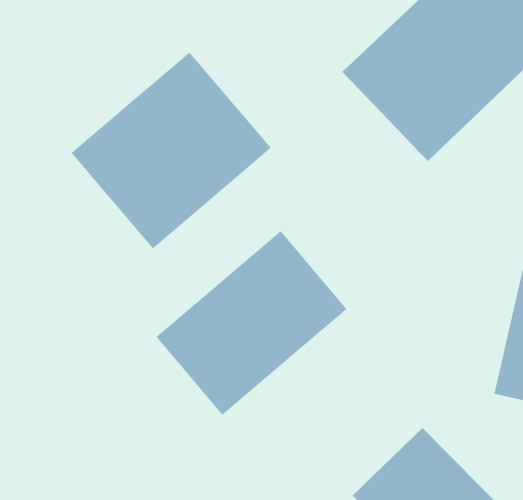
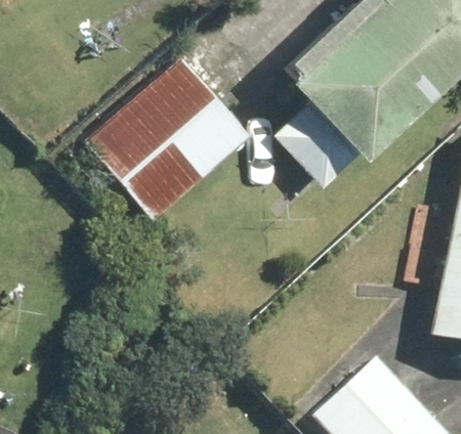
building: [156,230,347,416] -> none

